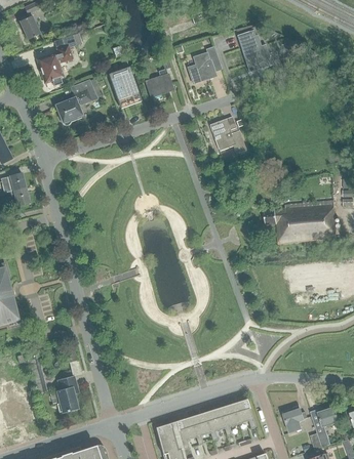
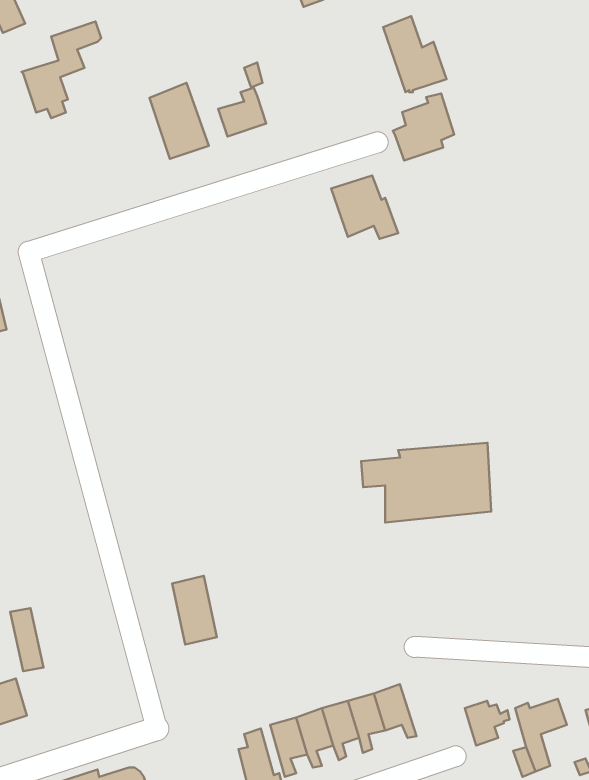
building: [187,46,221,83] -> [393,94,454,160]
building: [54,79,97,125] -> none
building: [264,200,336,244] -> [361,443,491,523]
building: [62,374,86,412] -> [172,576,217,645]

